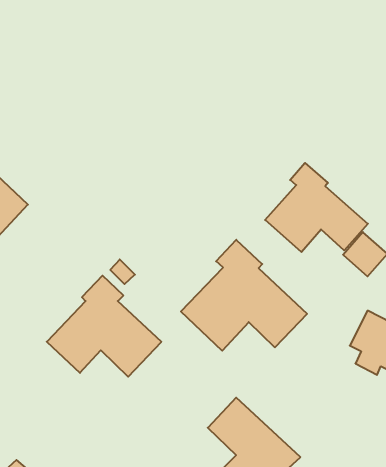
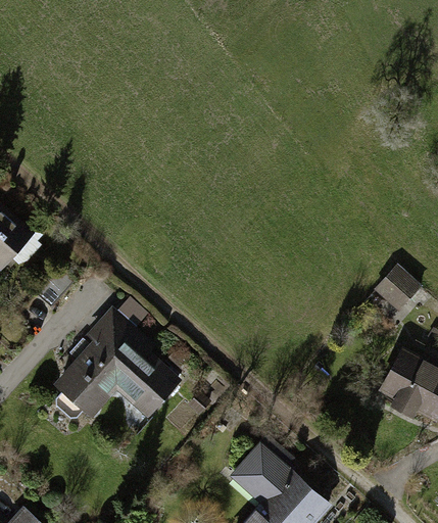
building: [265,163,368,252] -> none
building: [181,240,307,351] -> none

